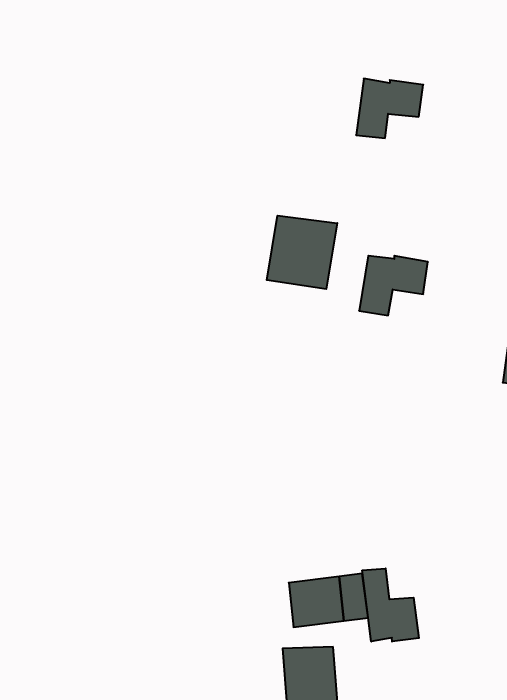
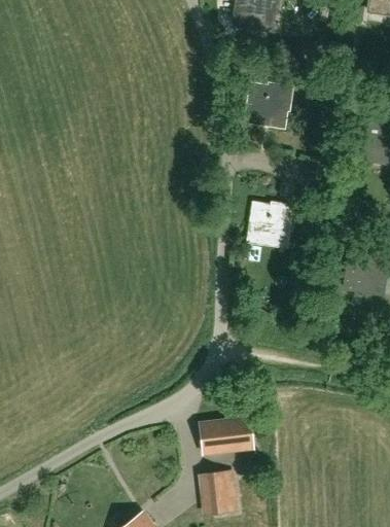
building: [267,216,337,289] -> none
building: [362,568,419,642] -> none

